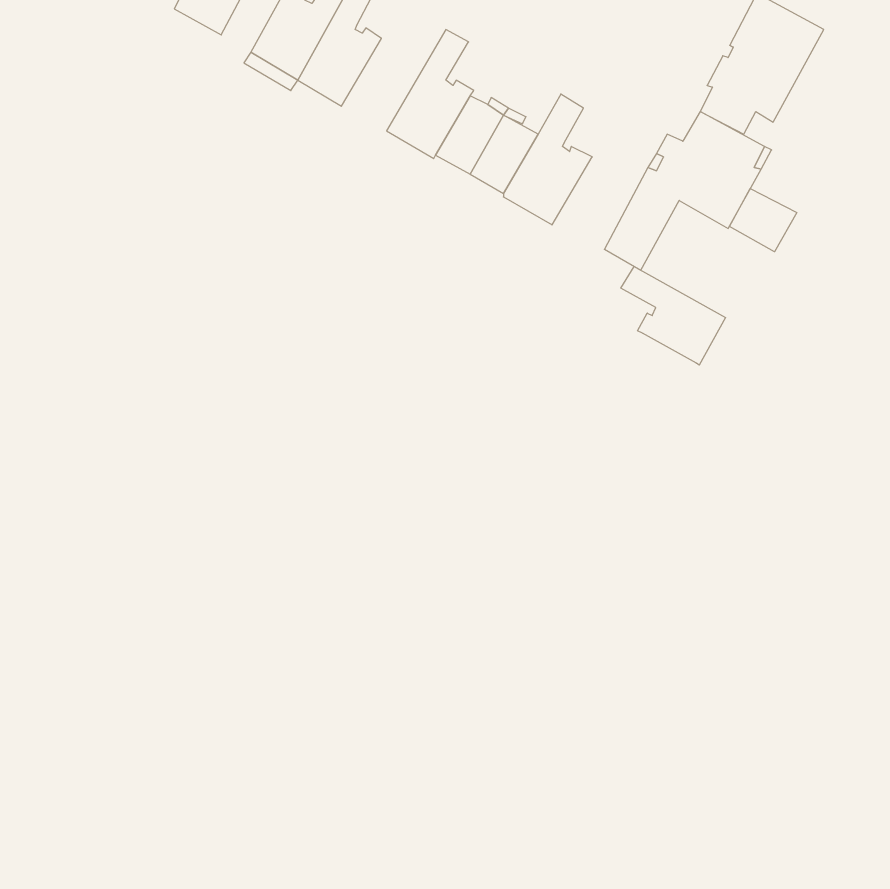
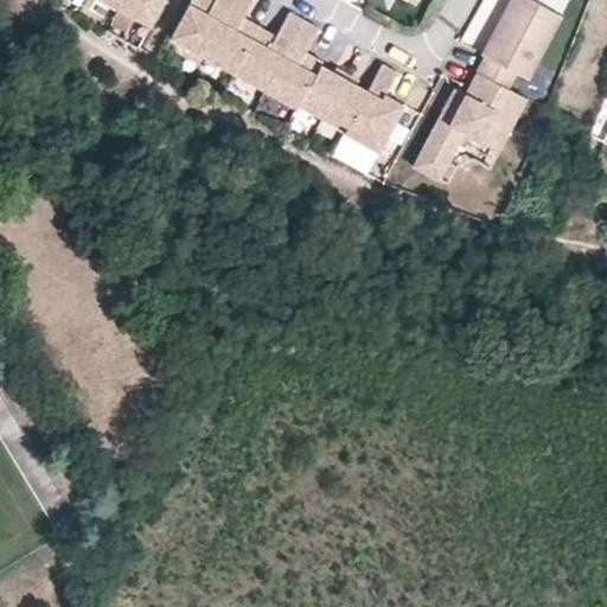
building: none -> [232,12,304,89]
building: [730,189,797,252] -> none
building: [621,266,726,365] -> none

